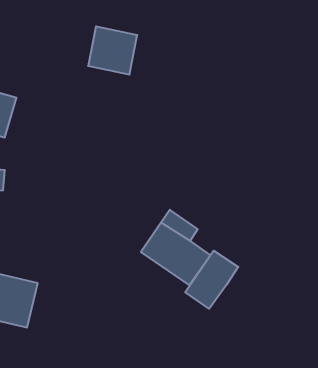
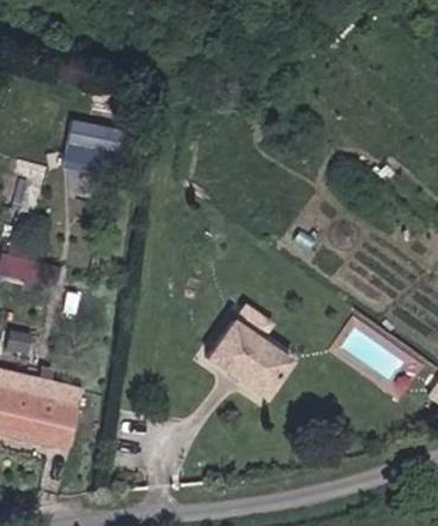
building: [88,26,137,75] -> [60,117,121,177]
building: [185,251,238,309] -> none

